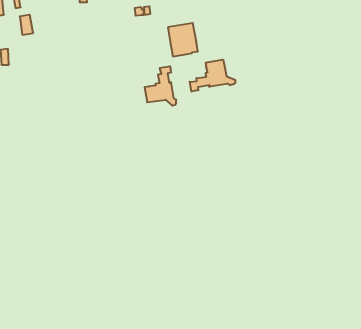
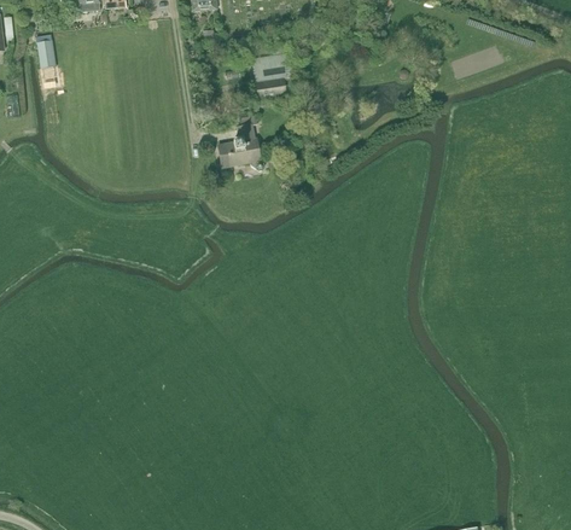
building: [190,60,235,92] -> none

